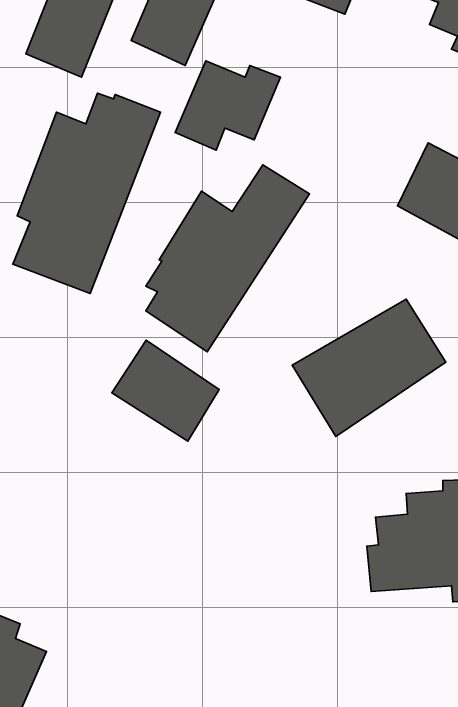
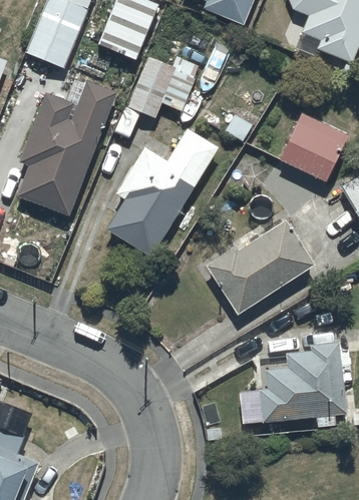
building: [112,340,219,441] -> none

